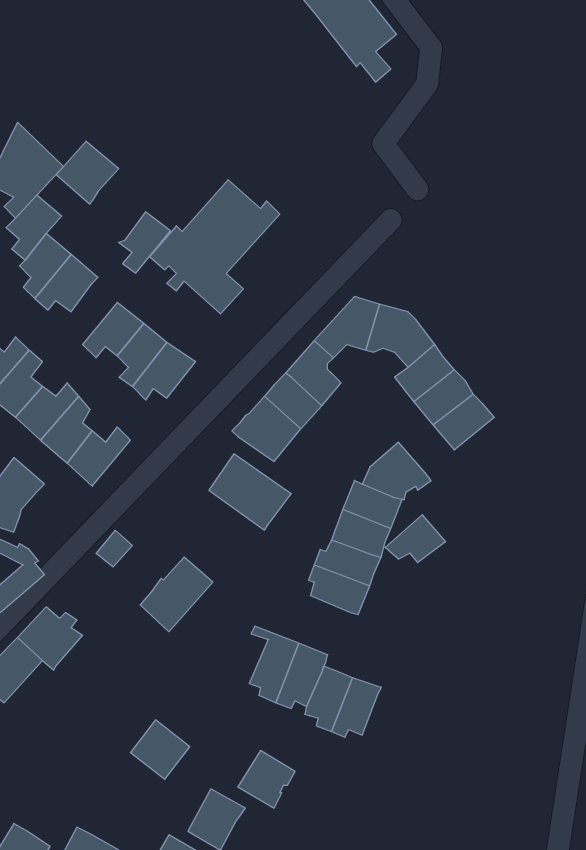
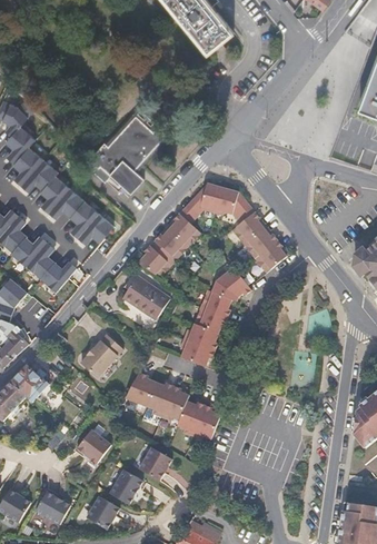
building: [56,141,119,204] -> none
building: [119,212,170,273] -> [39,176,69,211]
building: [385,515,445,563] -> none
building: none -> [123,372,157,408]

